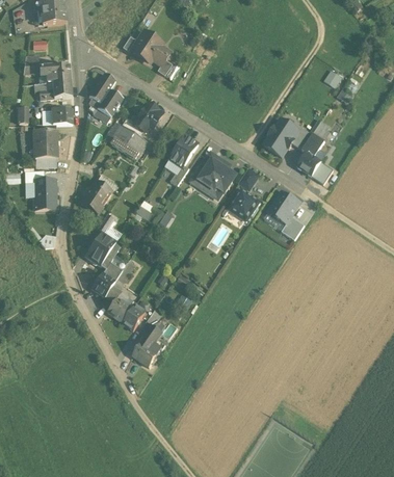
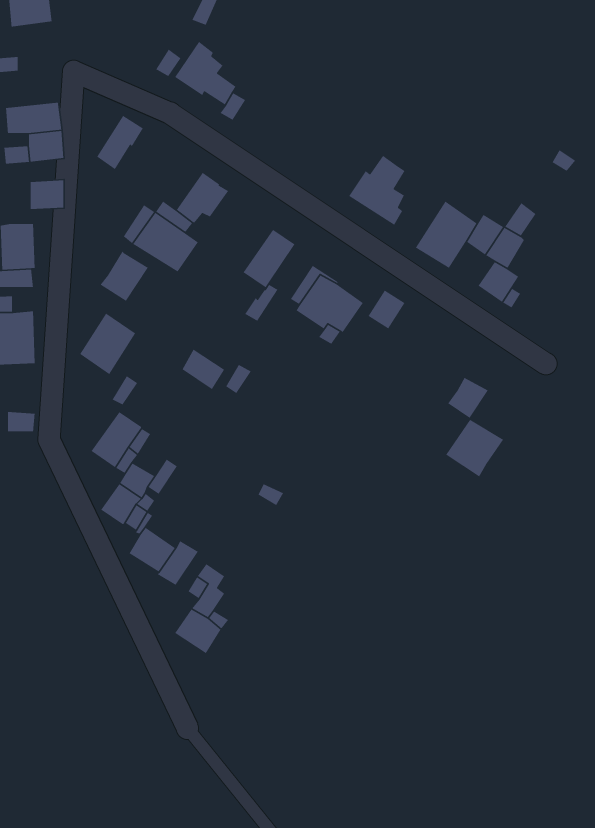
building: [96,88,123,116] -> [100,251,149,302]
building: none -> [348,155,406,226]
building: [229,189,260,220] -> none
building: [268,190,300,222] -> [445,419,504,478]

